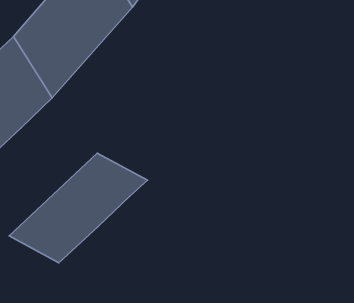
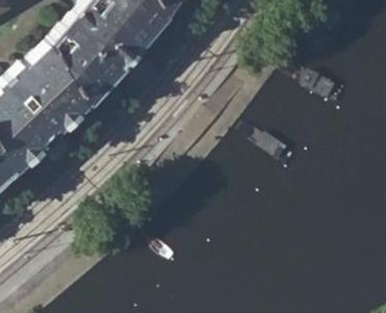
building: [9,153,147,263] -> none

